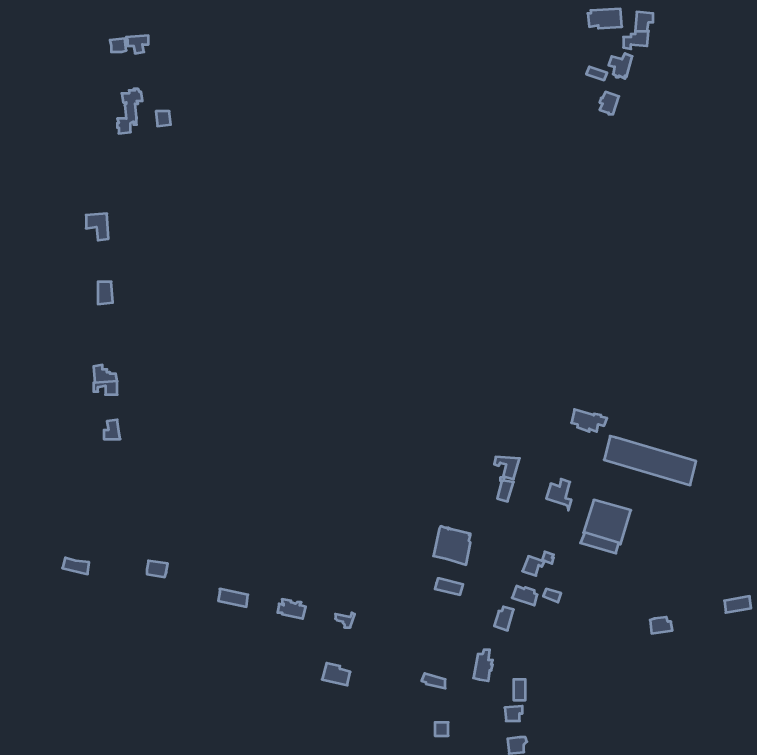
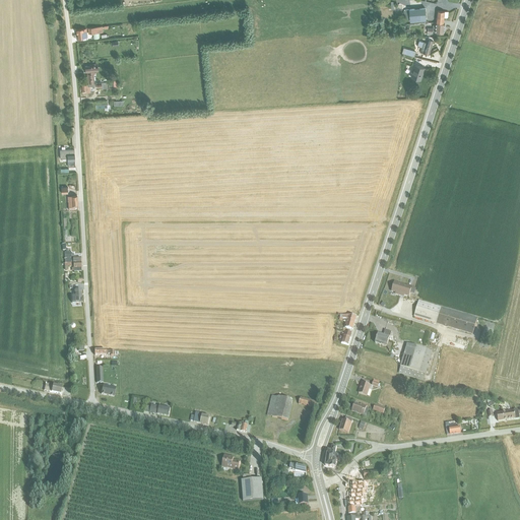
building: [433,526,470,565] -> [266,393,291,419]
building: none -> [241,477,263,500]

